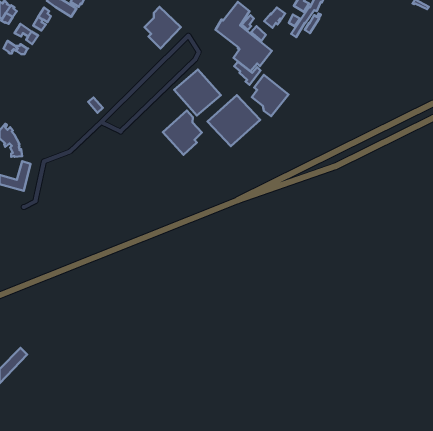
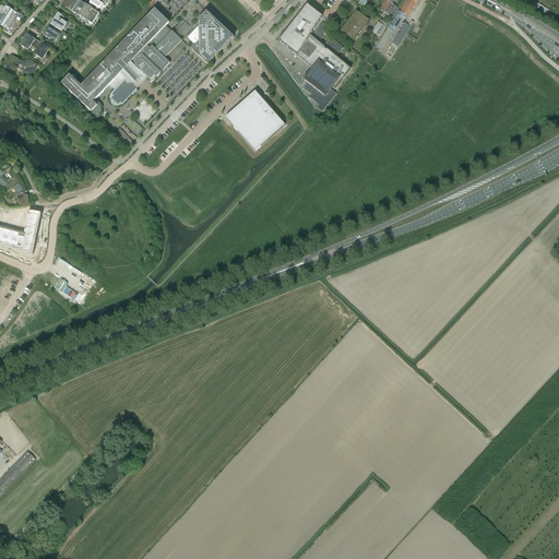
building: none -> [60,7,181,116]
building: [252,75,288,116] -> none
building: [208,95,260,146] -> none
building: [163,111,202,155] -> none

